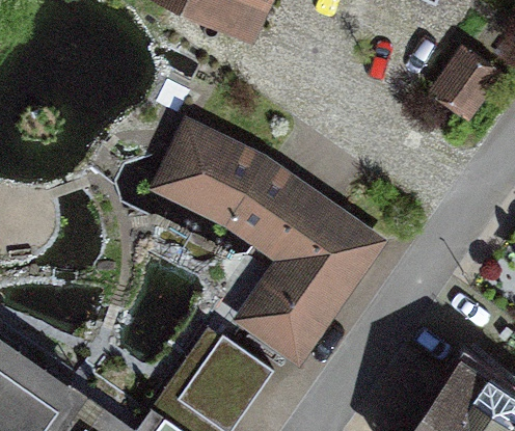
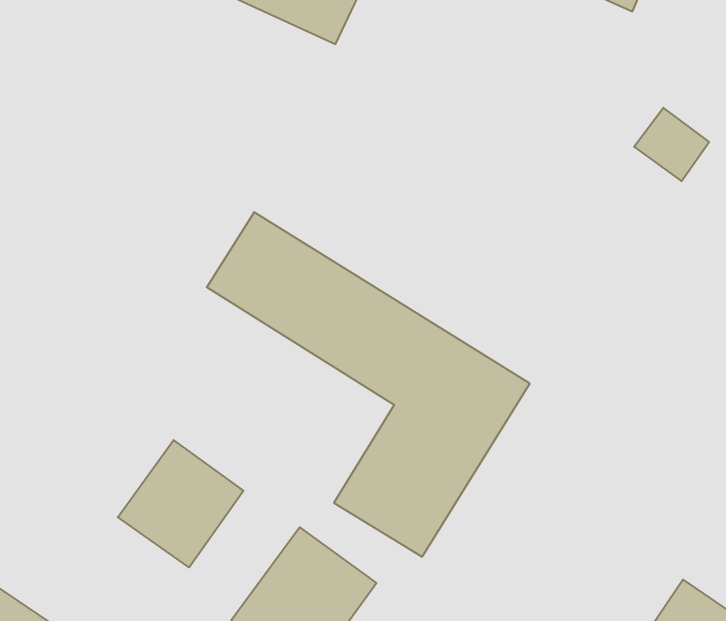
building: none -> [118,440,243,567]

